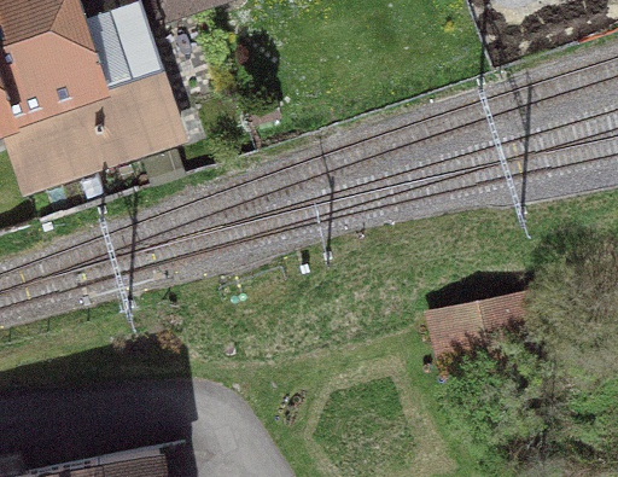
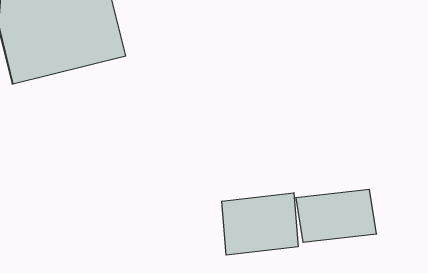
building: none -> [222,193,298,255]

